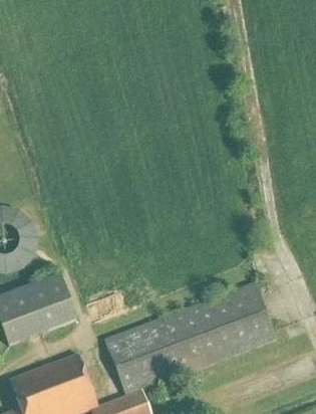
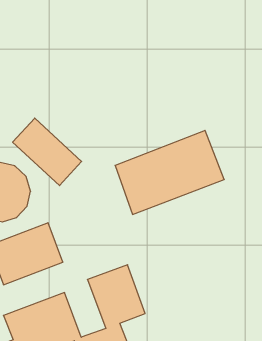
building: none -> [13,118,82,186]
building: [150,281,276,378] -> [115,130,224,214]

